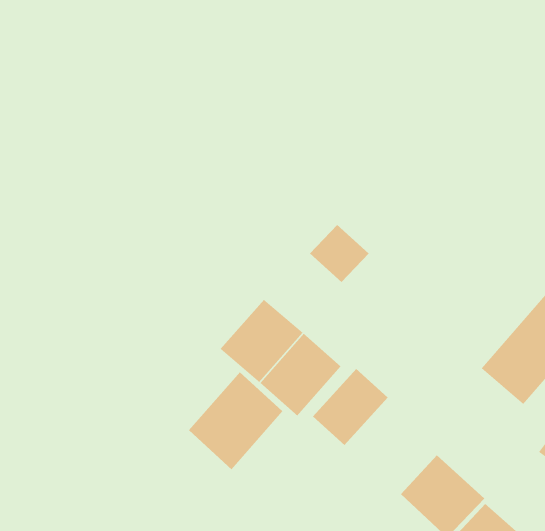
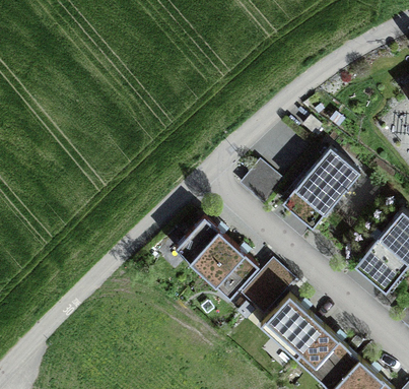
building: none -> [283,148,362,231]
building: [188,372,283,470] -> none
building: none -> [266,296,325,353]

